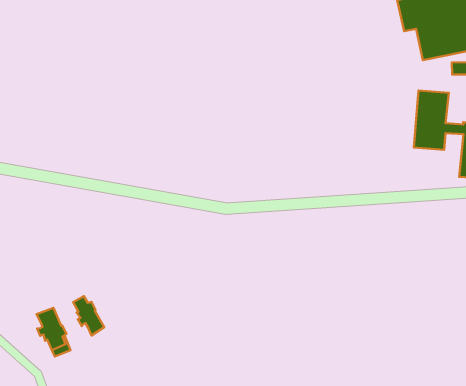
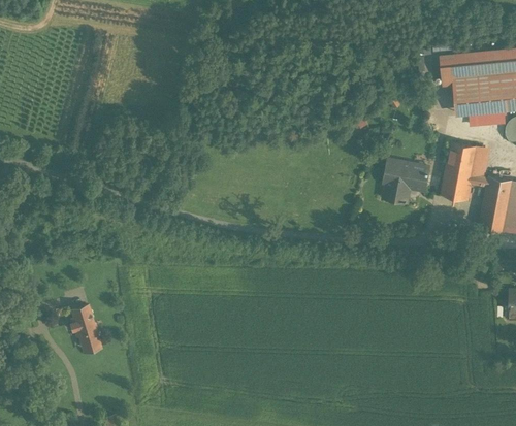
building: none -> [386,162,429,203]
building: [73,296,104,335] -> none

